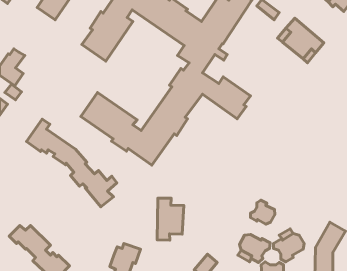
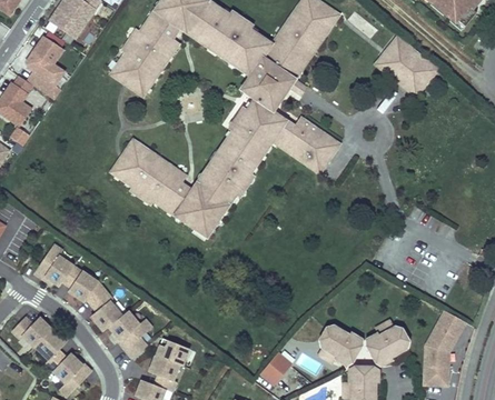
building: none -> [27,38,65,101]
building: [27,119,117,207] -> [31,241,152,359]
building: [157,198,184,240] -> none
building: [250,200,275,224] -> none

